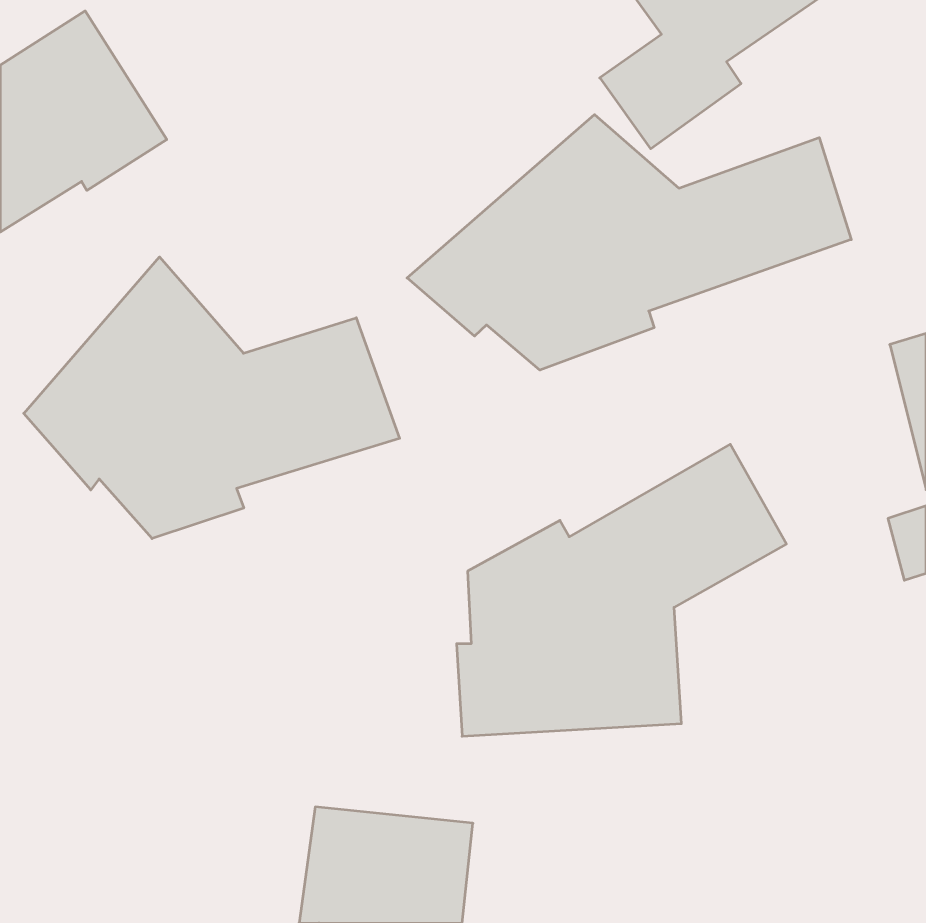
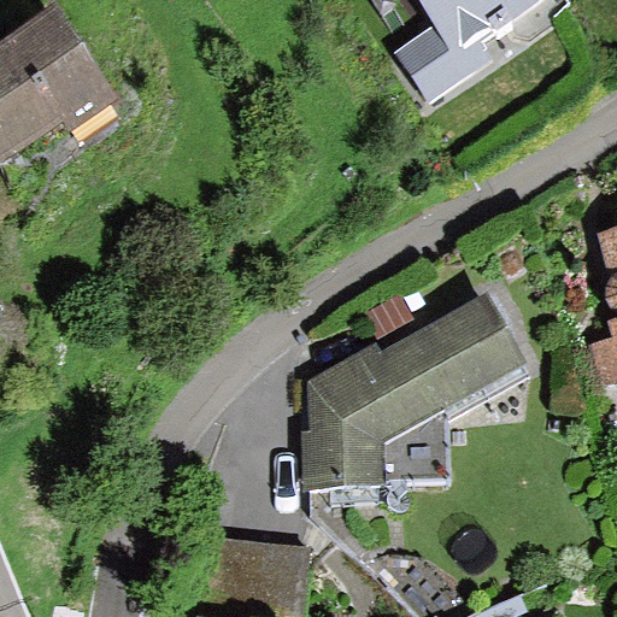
building: [407,115,851,370] -> none
building: [24,257,400,539] -> none

